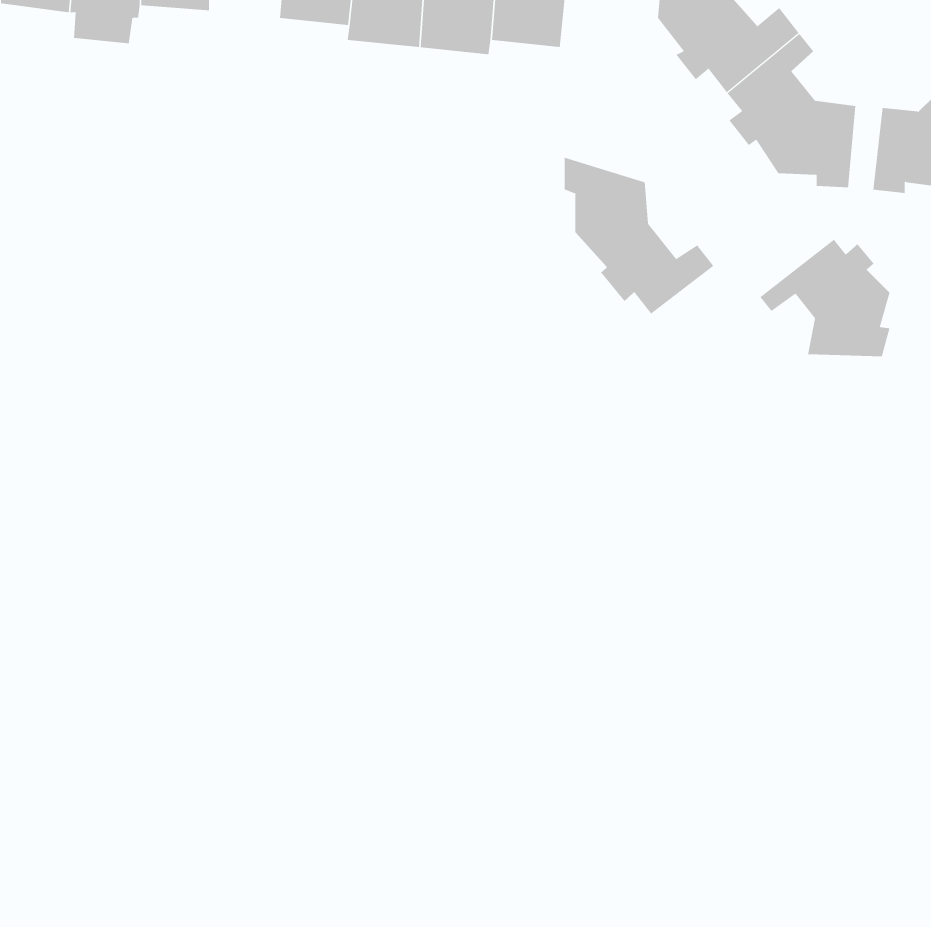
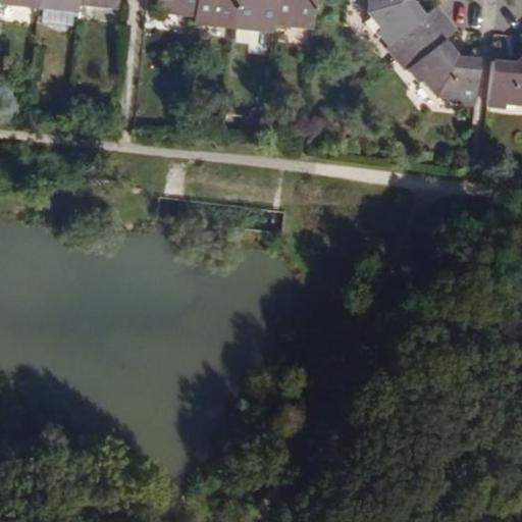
building: [564,157,714,314] -> none
building: [759,239,890,357] -> none

